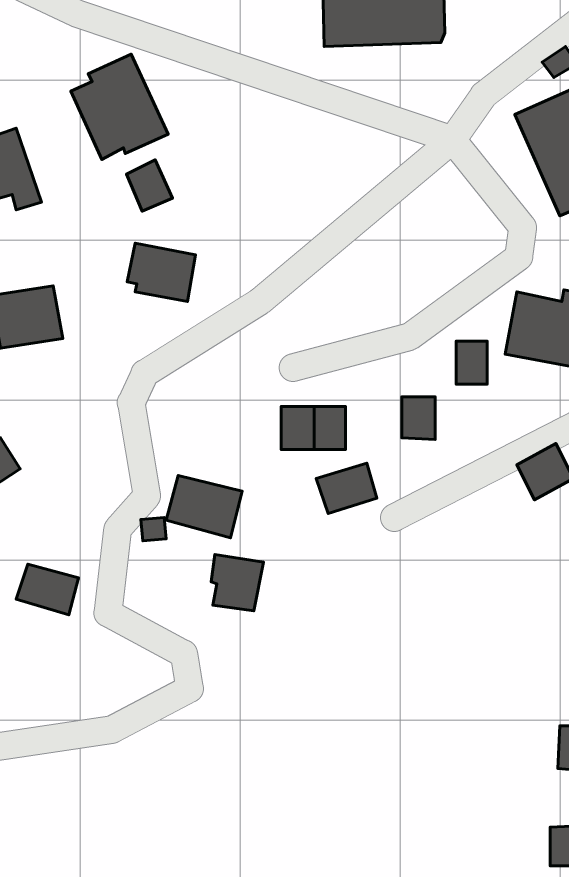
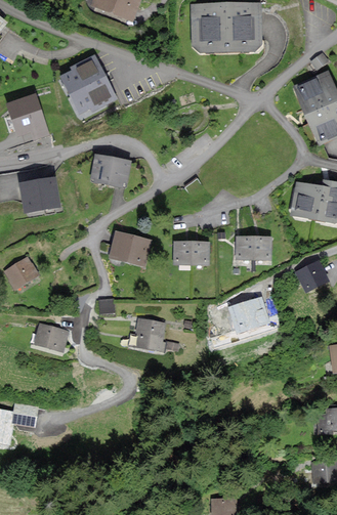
building: [126,160,173,211] -> none
building: [456,341,487,384] -> [254,237,270,259]
building: [316,463,377,514] -> [233,303,264,330]
building: [166,475,242,538] -> [110,232,150,265]

